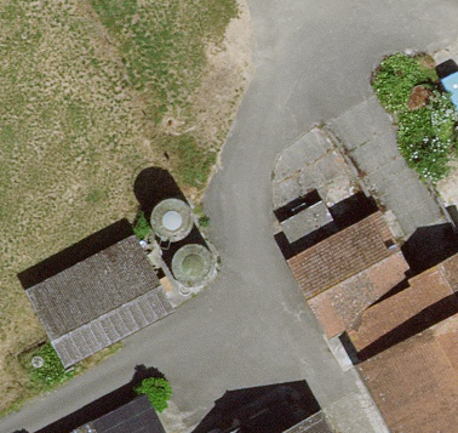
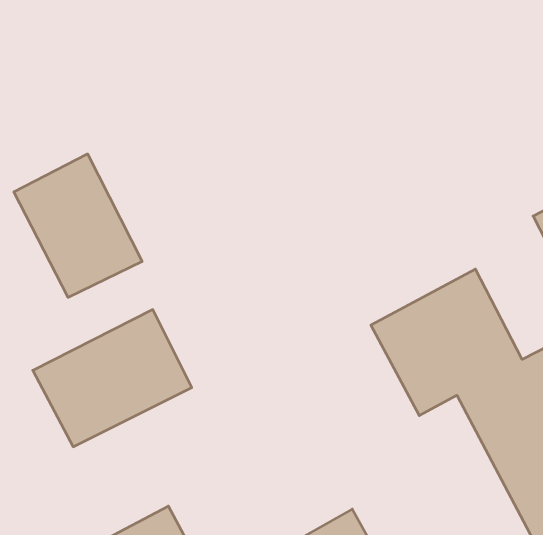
building: none -> [14,154,142,297]

